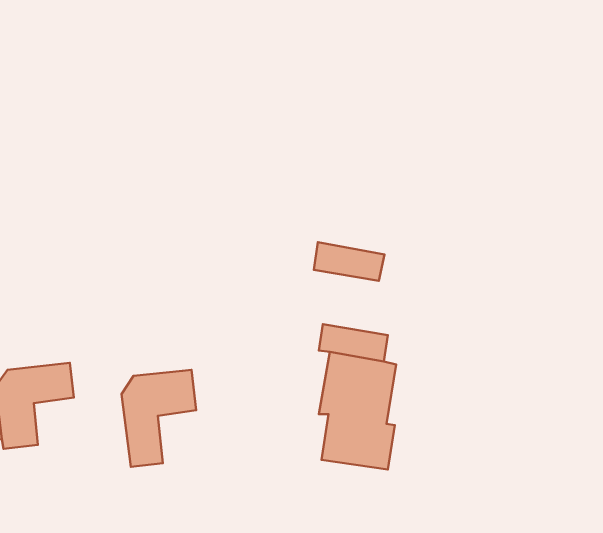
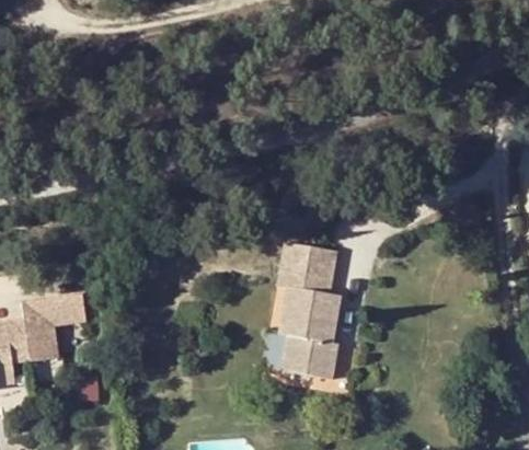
building: [314,242,384,281] -> [283,241,338,272]
building: [122,370,196,467] -> none

